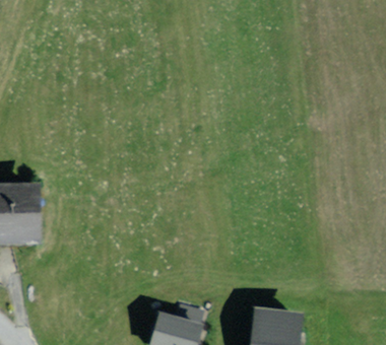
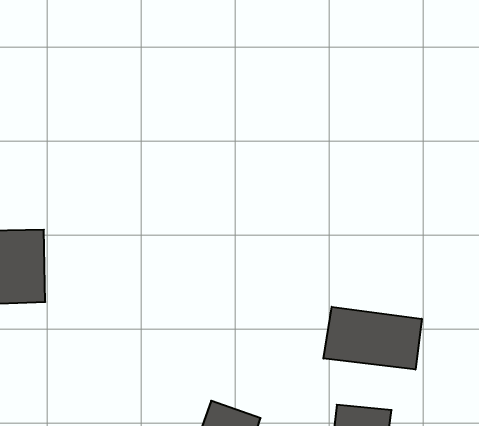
building: none -> [323,307,422,370]

